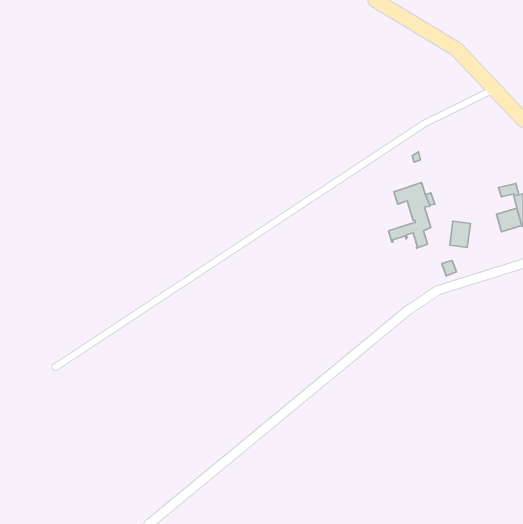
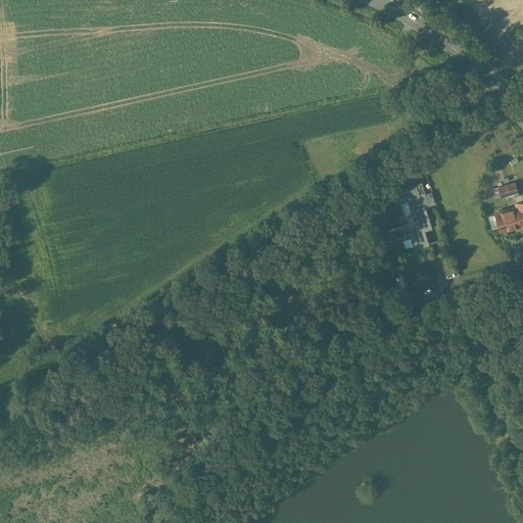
building: [450,221,470,247] -> none

